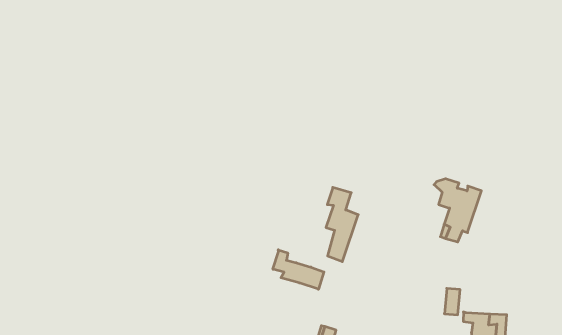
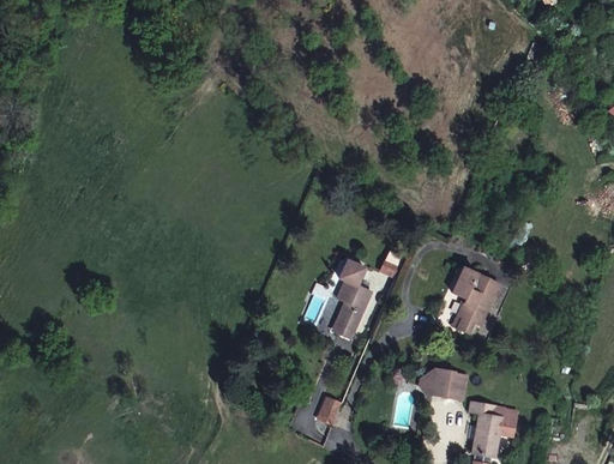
building: [273,250,324,289] -> none
building: none -> [431,364,456,402]

